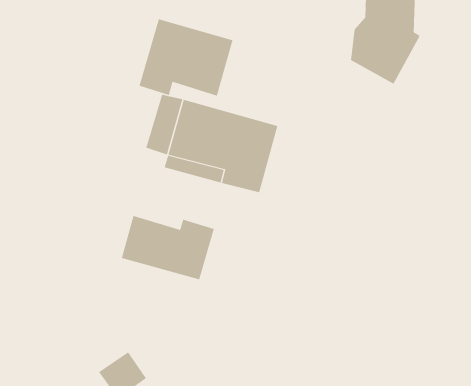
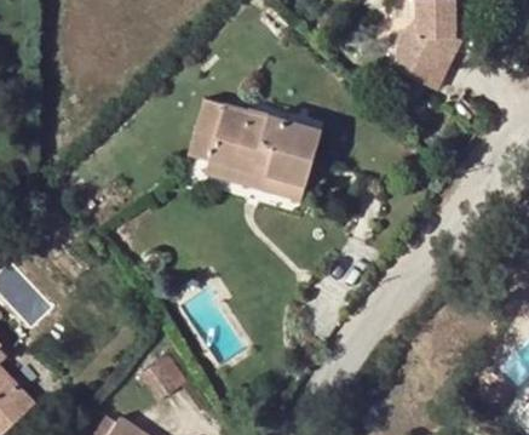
building: [139,19,233,97] -> none
building: [121,215,214,280] -> none

